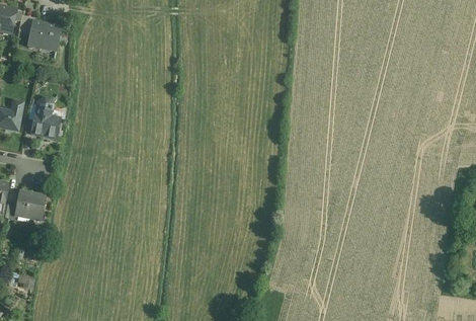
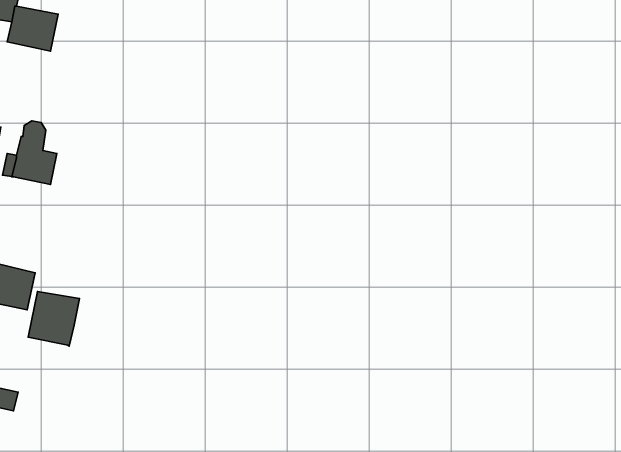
building: none -> [28,291,79,346]

